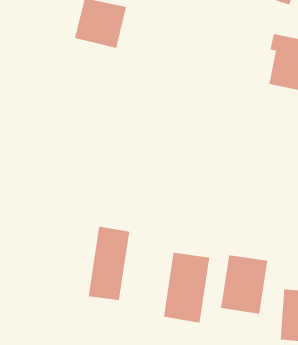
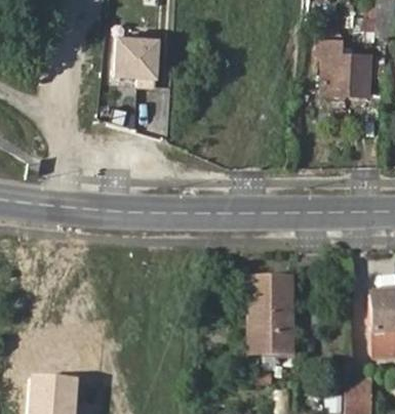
building: [88,226,130,301] -> none
building: [221,255,268,315] -> none

